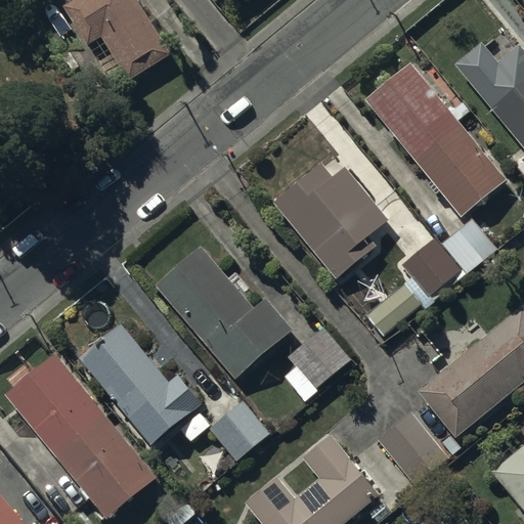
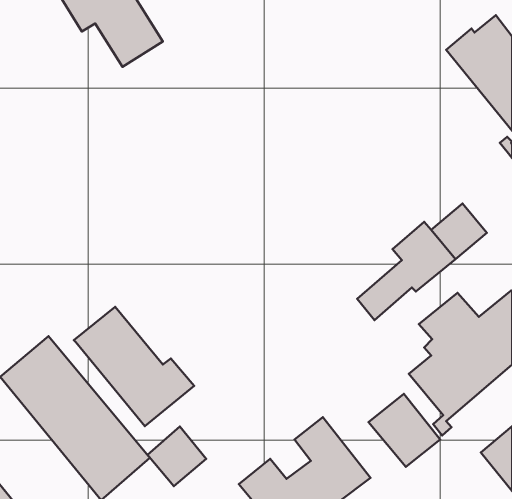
building: [365,63,507,217] -> none
building: [273,163,389,278] -> none
building: [156,246,293,379] -> none
building: [283,326,351,401] -> none
building: [210,400,269,461] -> [147,427,206,486]

